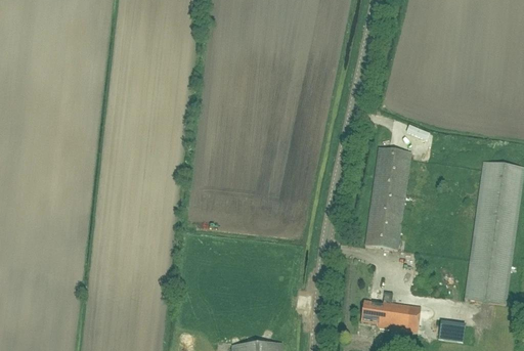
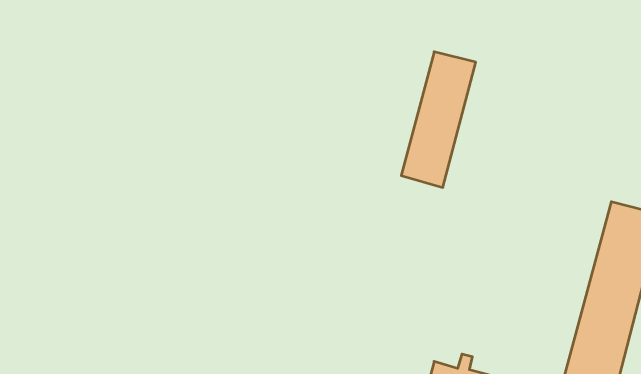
building: [365,146,411,249] -> [401,52,476,187]

